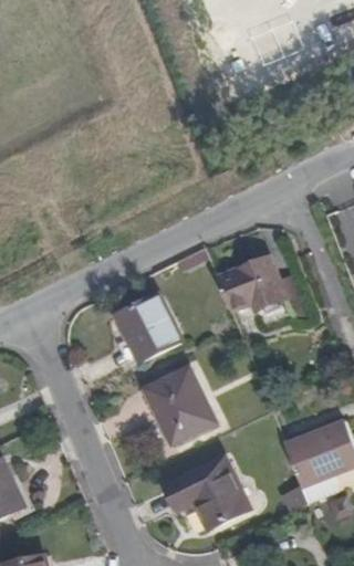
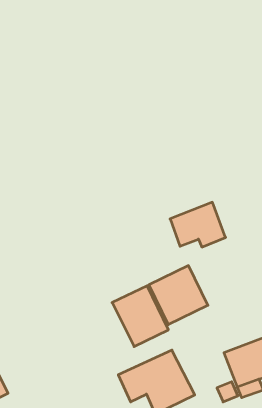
building: [107,289,181,363] -> [149,266,208,325]

